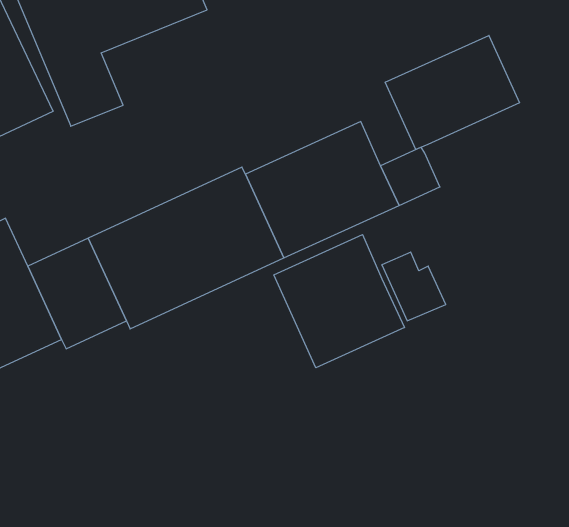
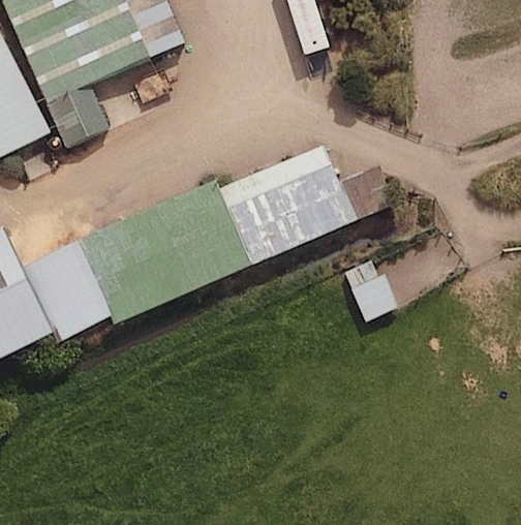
building: [385,35,519,149] -> none
building: [274,235,404,368] -> none

